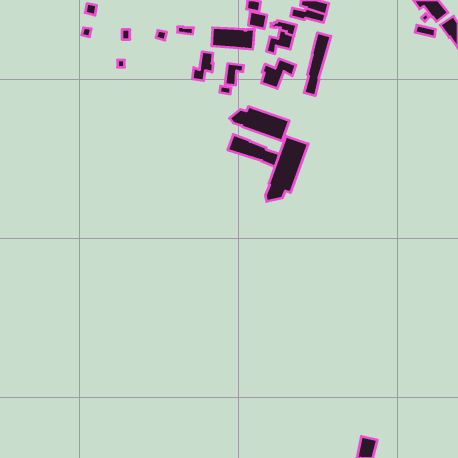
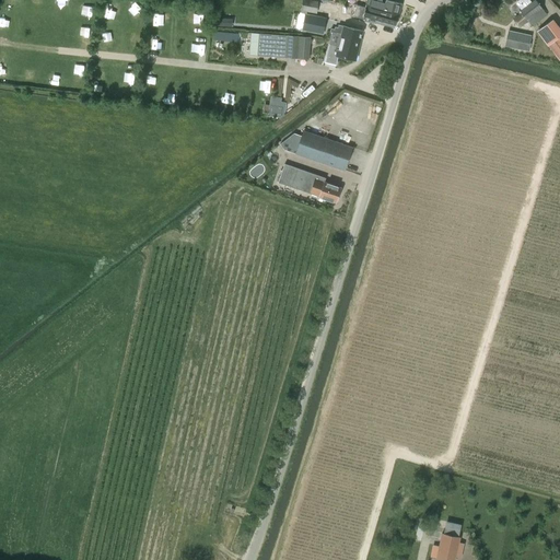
building: [304,33,331,96] -> none
building: [192,52,213,81] -> none
building: [261,59,296,89] -> none
building: [265,136,308,202] -> none

